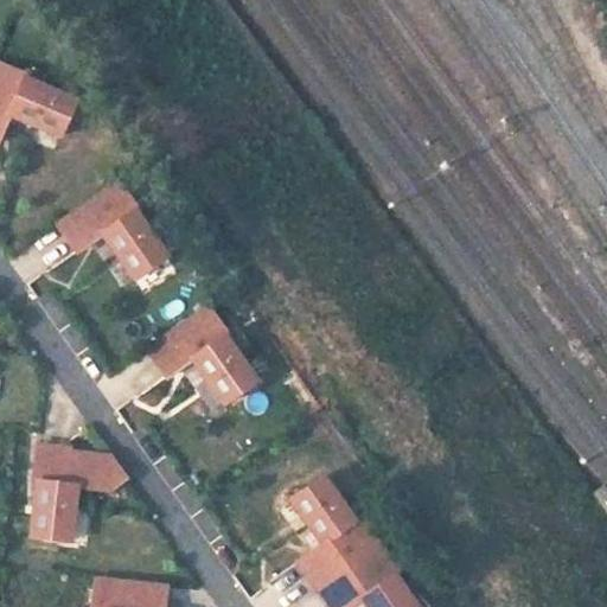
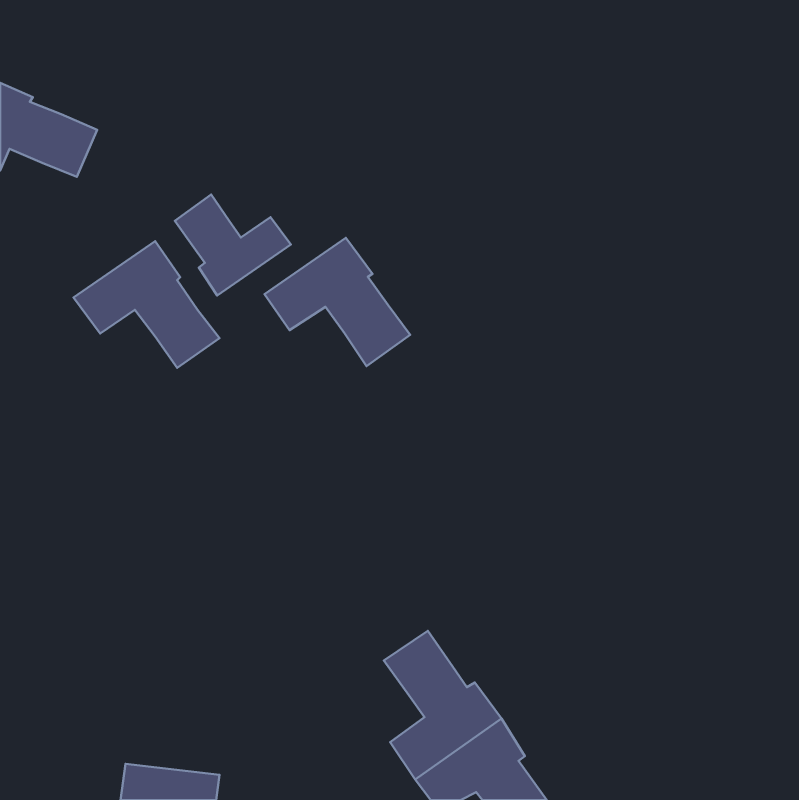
building: none -> [175,194,291,296]
building: [146,308,256,405] -> [265,238,410,366]
building: [33,446,129,542] -> none

